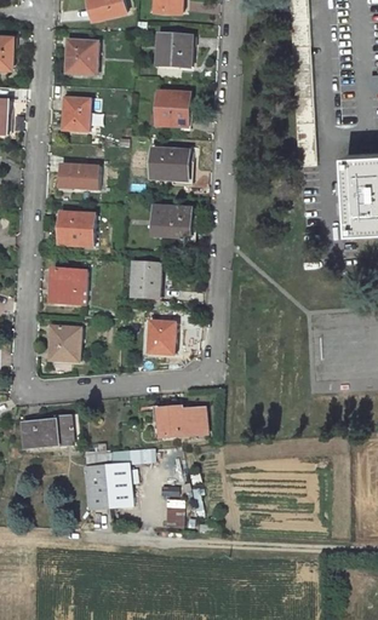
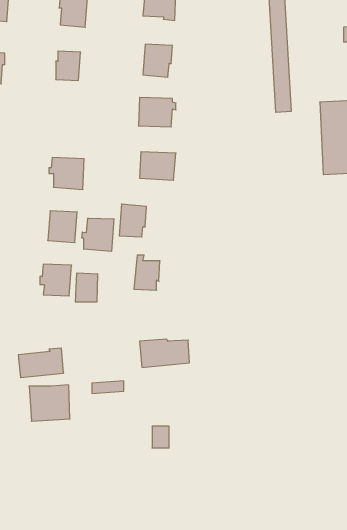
building: [58,163,98,190] -> none
building: none -> [82,218,114,251]
building: none -> [75,273,97,302]
building: [85,466,128,505] -> [29,385,70,421]

